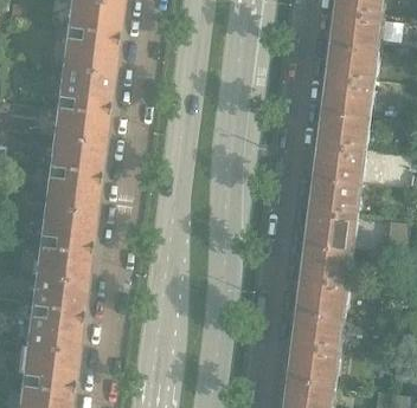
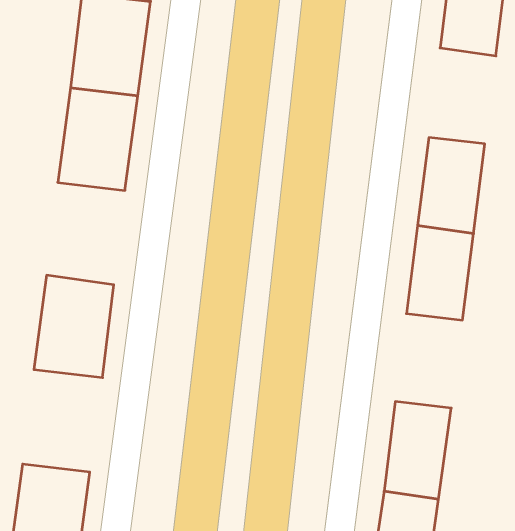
building: [327,40,377,111] -> none
building: [44,140,102,215] -> none
building: [302,237,352,306] -> none
building: [26,278,85,354] -> none

